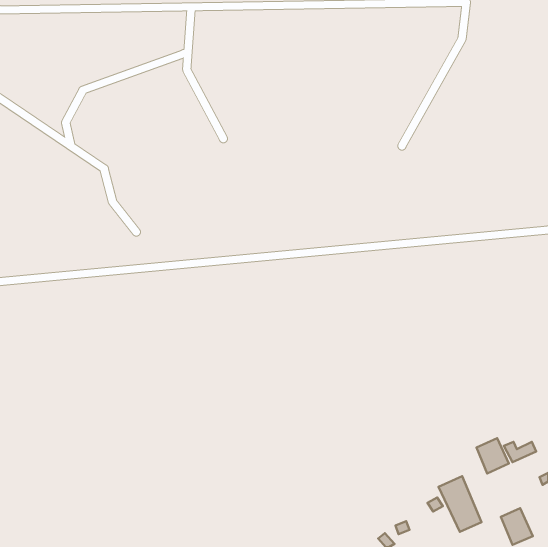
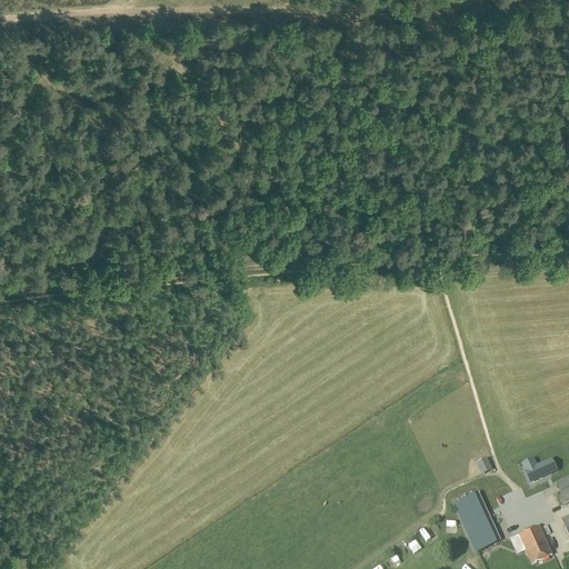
building: [476,438,509,474] -> none

